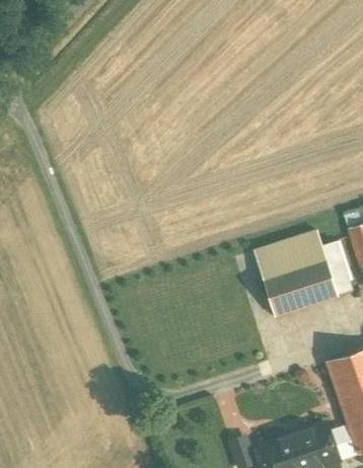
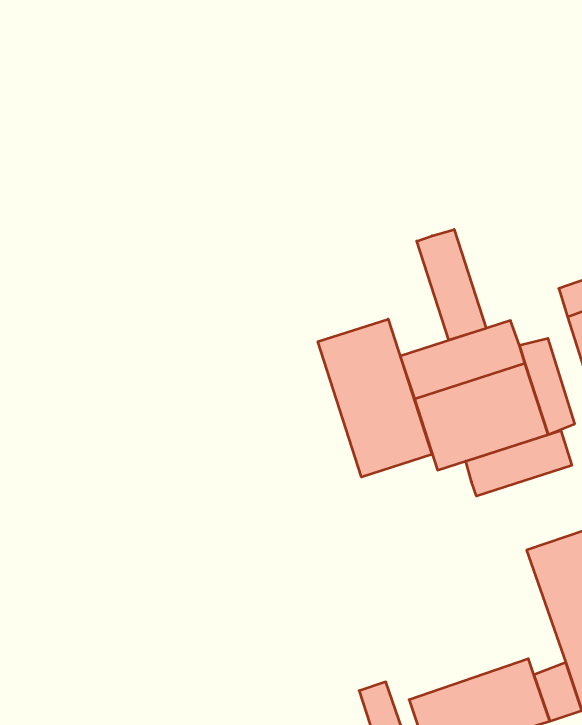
building: none -> [417,229,486,340]
building: none -> [318,319,432,477]
building: none -> [466,430,572,496]

